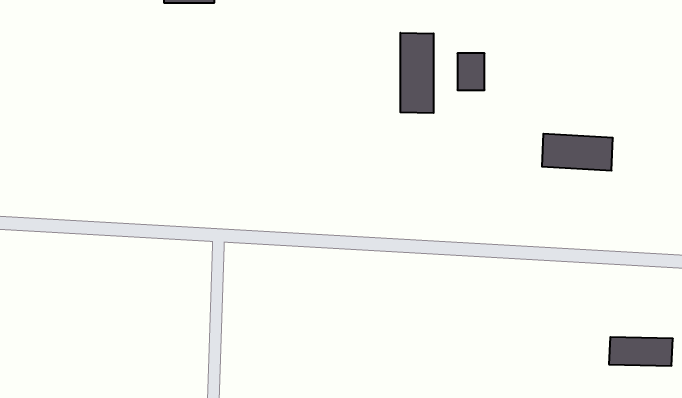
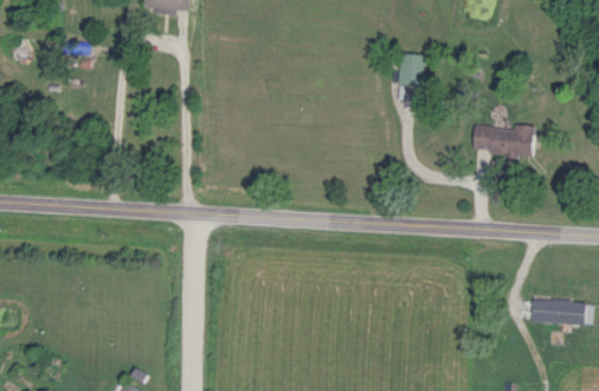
building: [400,33,434,113] -> none

